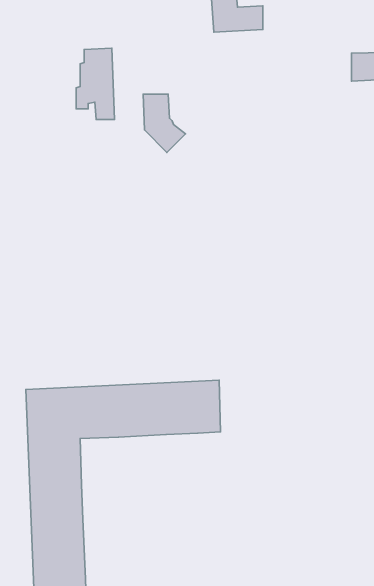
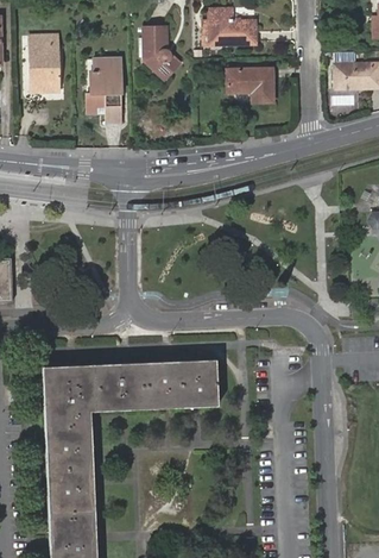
building: none -> [30,38,59,94]
building: none -> [229,70,274,102]
building: [143,94,185,152] -> [144,29,182,81]

